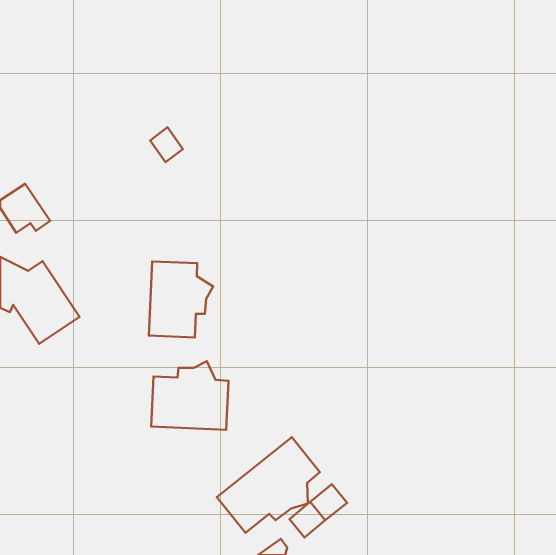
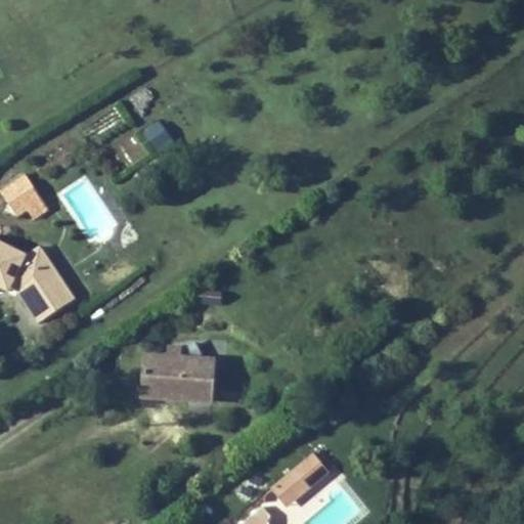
building: [149,261,213,338] -> none
building: [217,437,320,533] -> none

